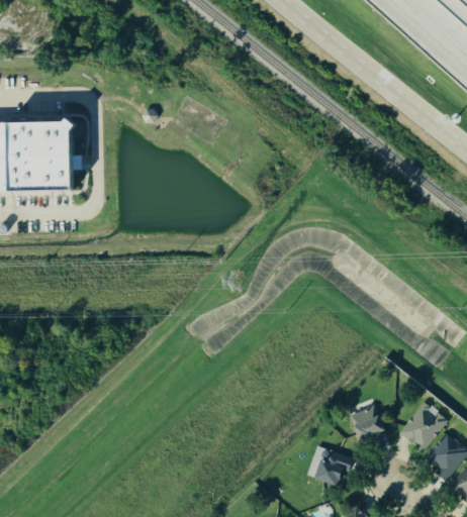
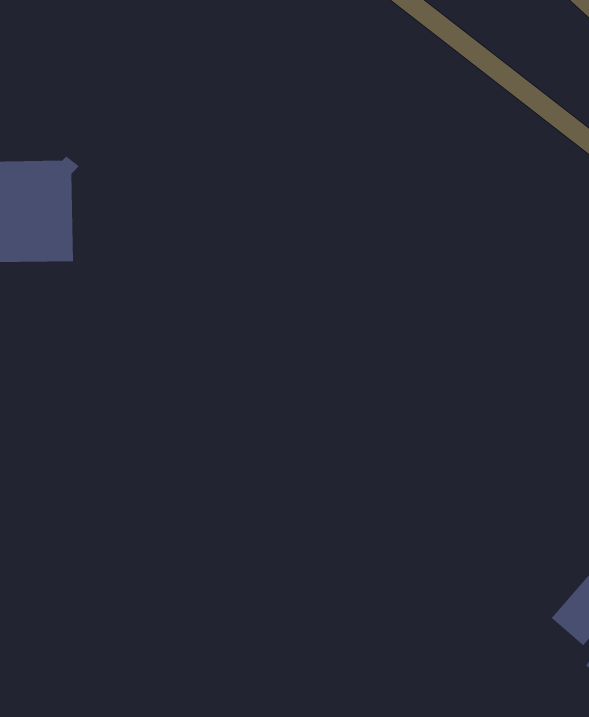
building: [349,405,385,443] -> none
building: [306,446,351,487] -> none

